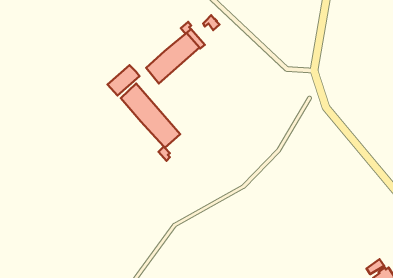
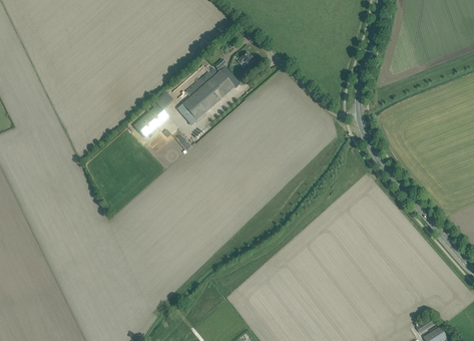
building: [121,84,180,161] -> none

